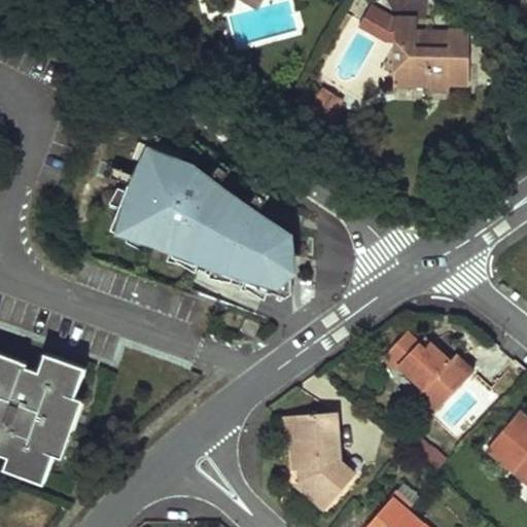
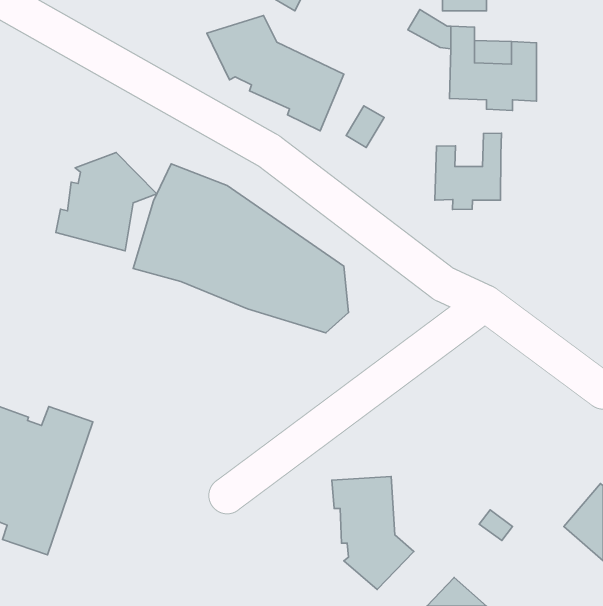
building: none -> [207,15,344,131]
building: none -> [435,133,502,209]
building: none -> [56,152,157,251]
building: [388,338,475,419] -> none

